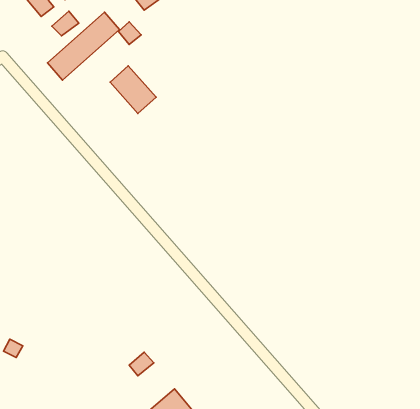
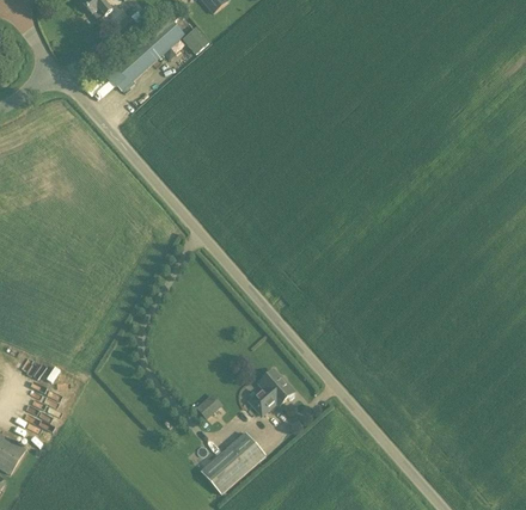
building: [110,66,156,114] -> none
building: none -> [247,370,292,416]

